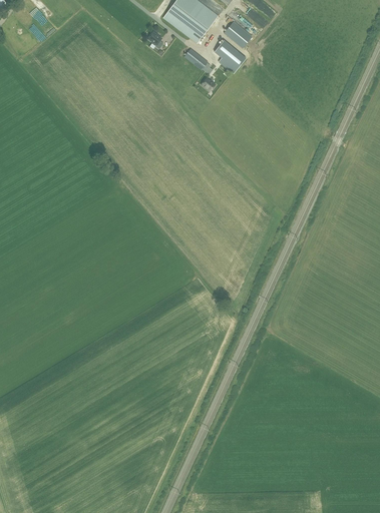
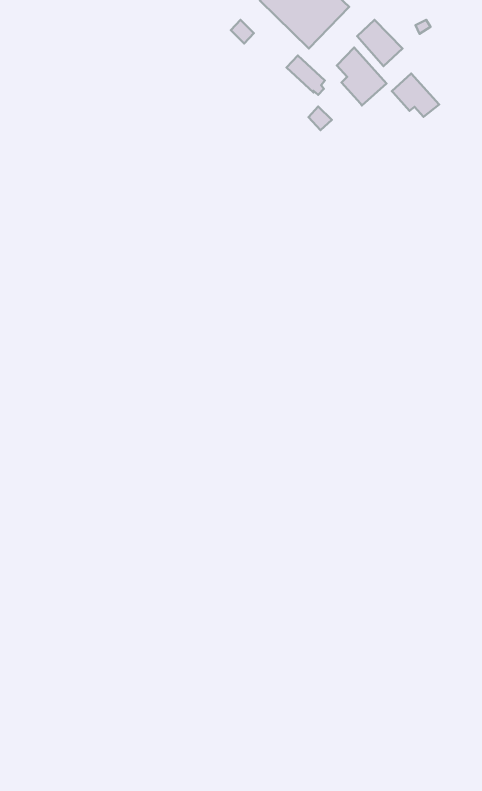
building: none -> [392,73,439,117]

